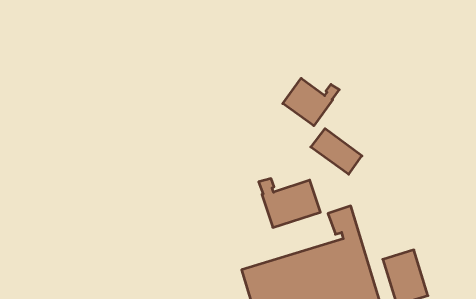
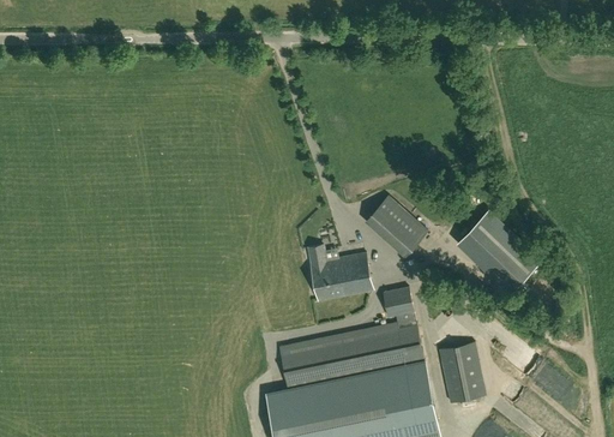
building: [283,78,339,126] -> none
building: none -> [460,210,540,288]

